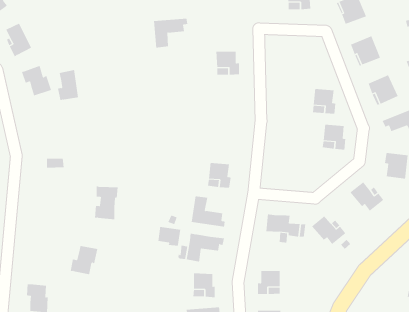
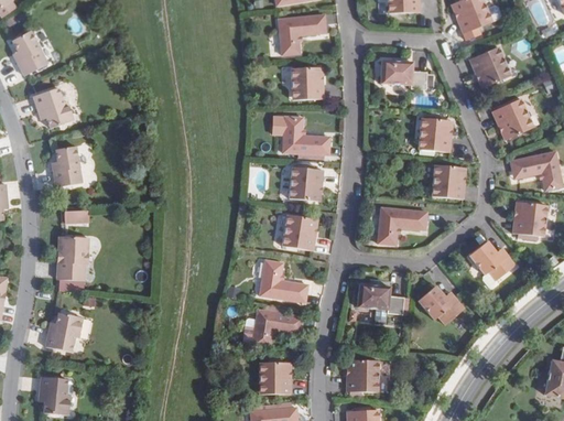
building: [153,18,188,48] -> [279,15,325,55]
building: none -> [380,61,432,88]
building: [57,69,79,101] -> [53,145,82,187]
building: none -> [283,117,329,155]
building: none -> [284,166,318,201]
building: none -> [377,207,425,246]
building: [94,186,118,220] -> [56,236,88,281]
building: [158,226,181,247] -> none
building: [70,246,98,275] -> [45,313,83,352]

